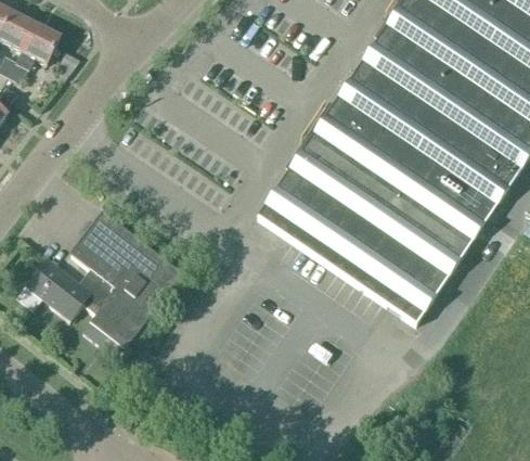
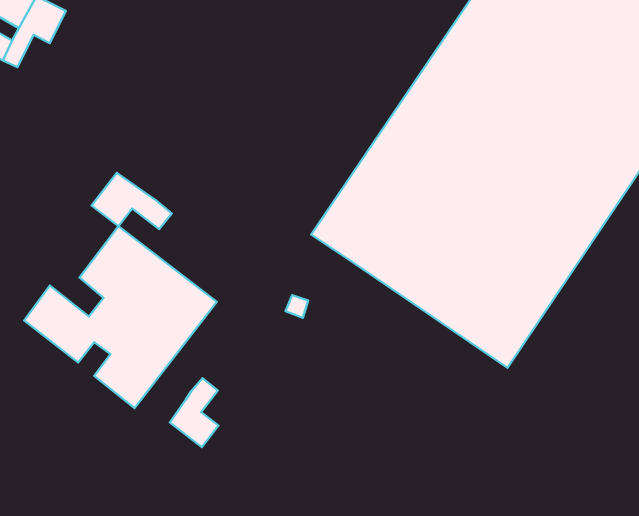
building: none -> [92,173,172,229]
building: none -> [170,378,218,447]

